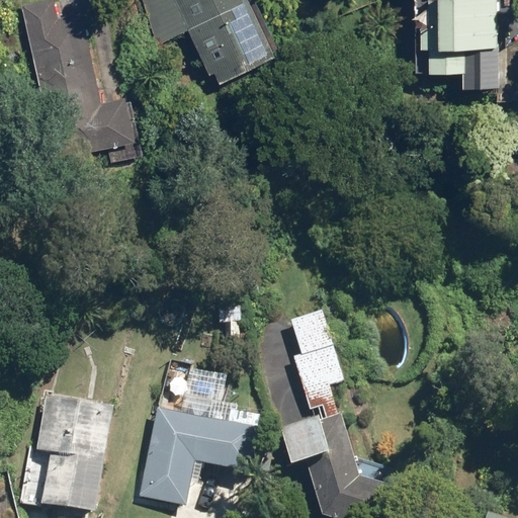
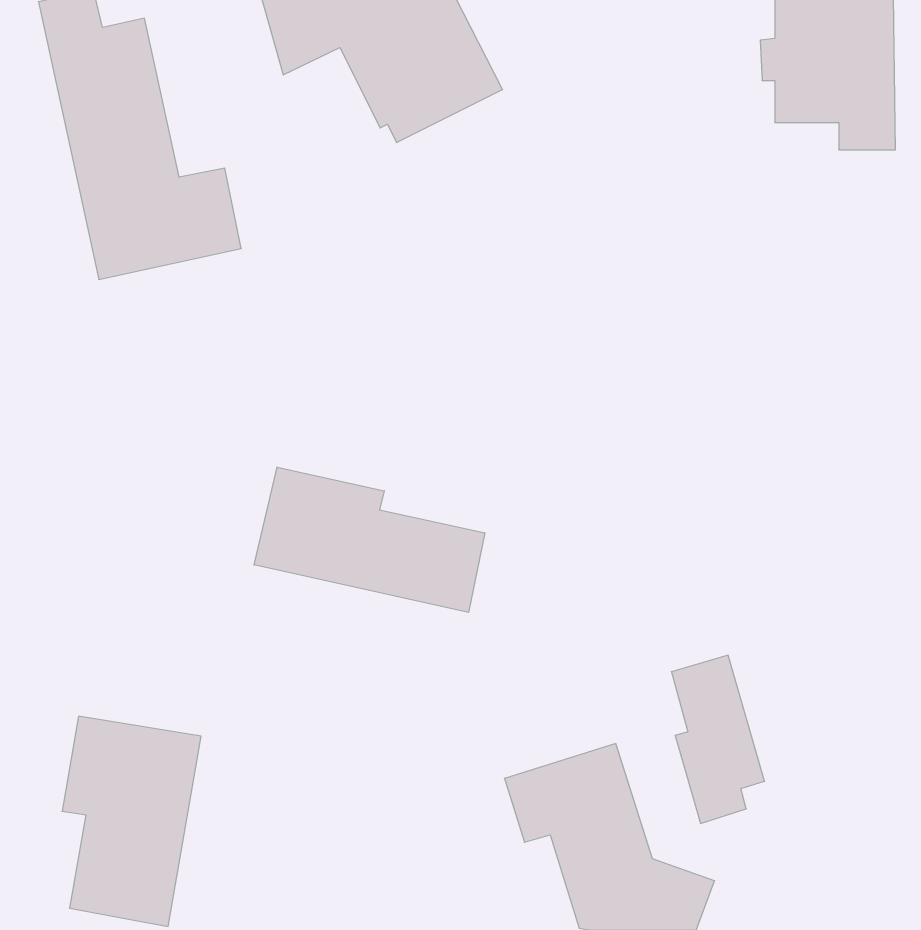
building: none -> [254,467,485,612]
building: [291,309,343,402] -> [671,655,765,823]
building: [138,407,260,504] -> none

